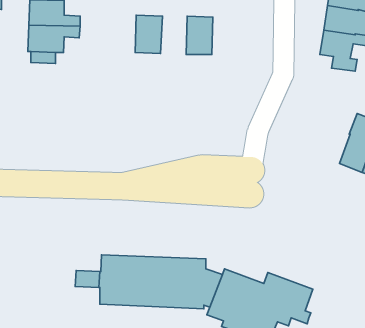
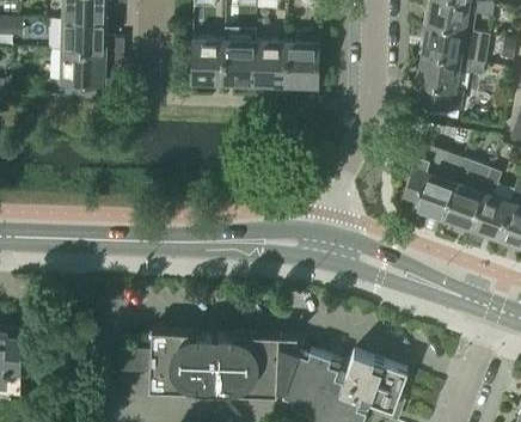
building: none -> [222,27,255,85]
building: none -> [284,39,318,86]
building: none -> [406,142,461,218]

